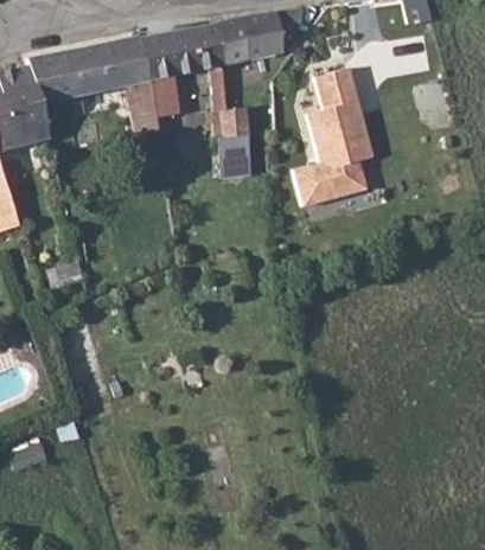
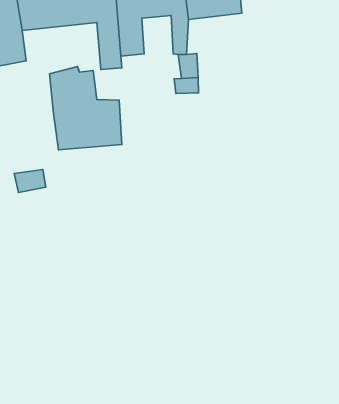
building: [295,71,376,211] -> none
building: none -> [50,66,122,150]

